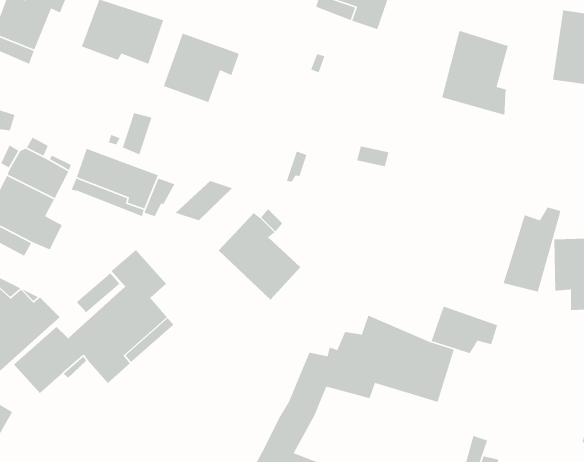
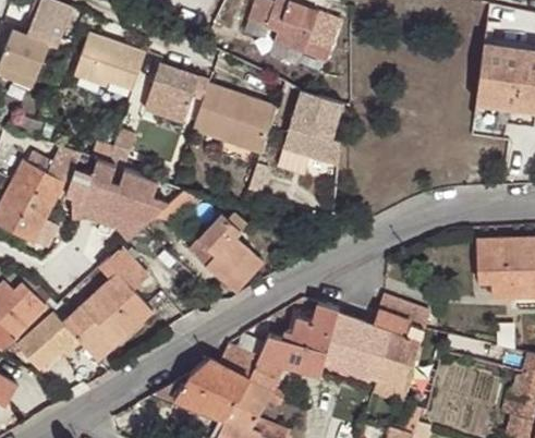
building: [441,30,509,116] -> [284,90,342,163]
building: none -> [192,84,277,154]
building: [502,207,561,292] -> [374,326,424,399]
building: none -> [153,344,258,419]

